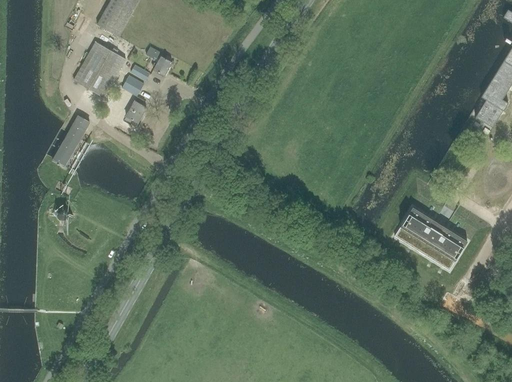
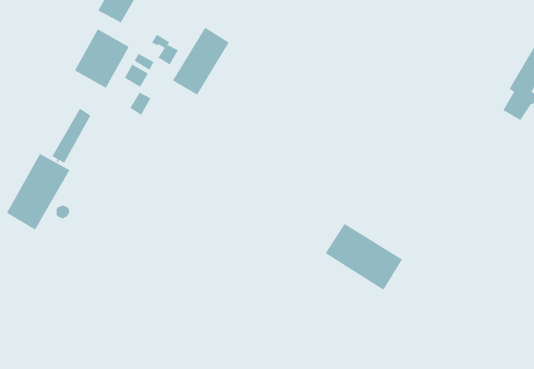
building: none -> [172,27,229,95]
building: none -> [6,153,70,230]
building: [394,208,467,271] -> [325,223,403,291]

